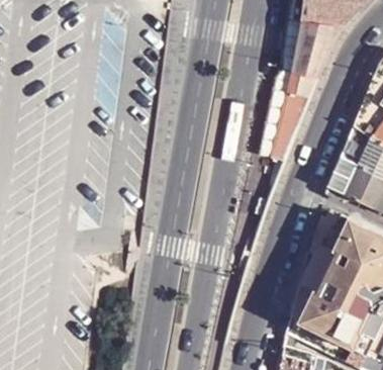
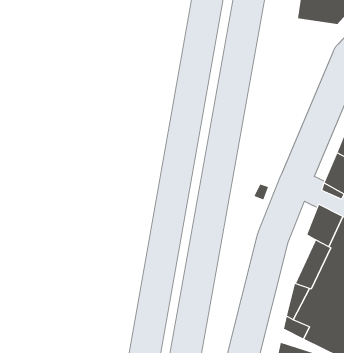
building: [272,21,342,162] -> none

